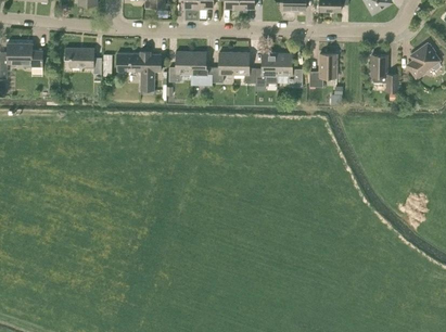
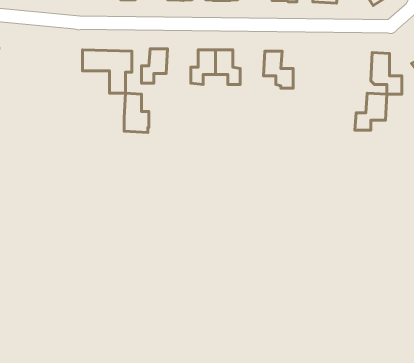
building: [64,48,101,73] -> none
building: [190,51,212,86] -> [124,93,149,132]
building: [255,52,277,82] -> none
building: [308,53,336,86] -> [355,93,387,130]

